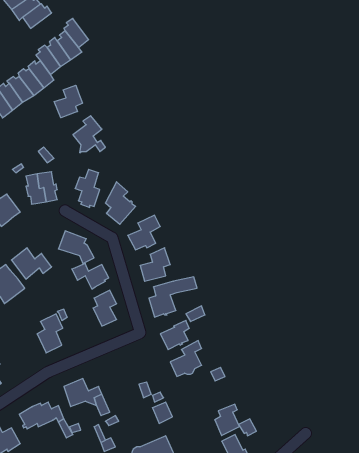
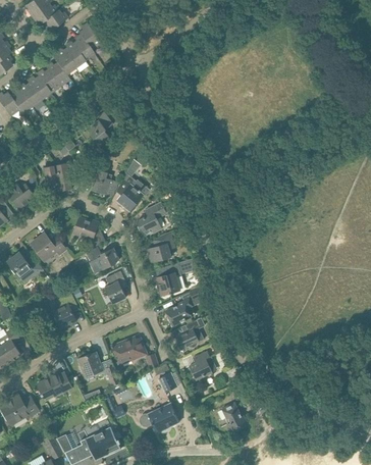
building: [54,85,82,118] -> none
building: none -> [110,337,146,364]
building: [215,404,239,436] -> [189,352,211,380]

